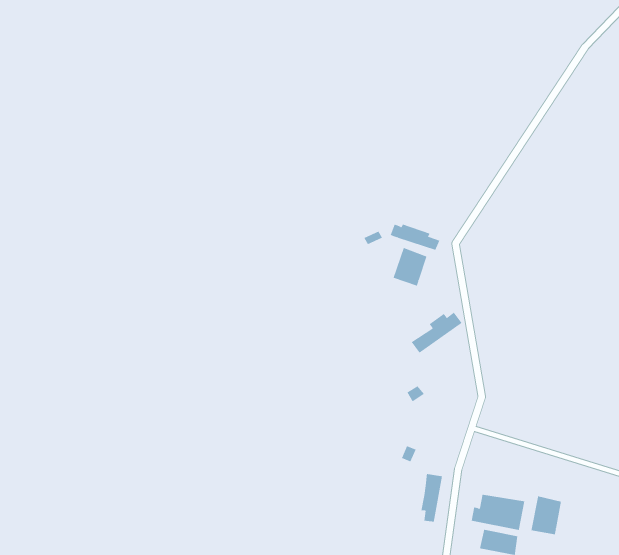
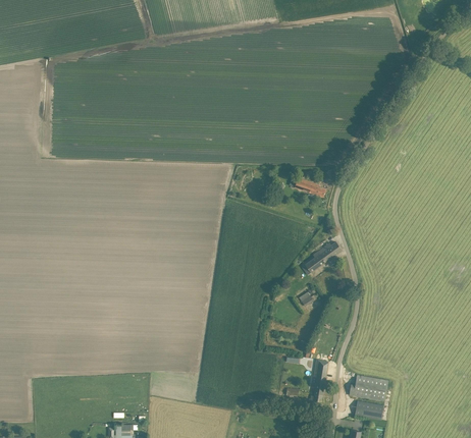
building: [393,247,427,286] -> none
building: [531,495,562,535] -> none

